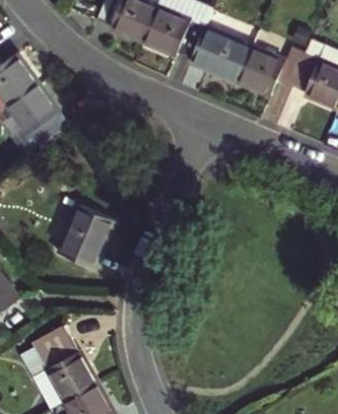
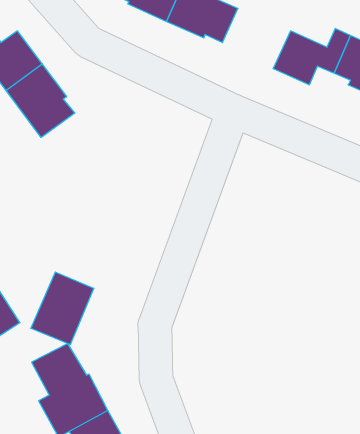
building: [194,30,253,82] -> none
building: [55,204,110,267] -> [31,272,94,345]

